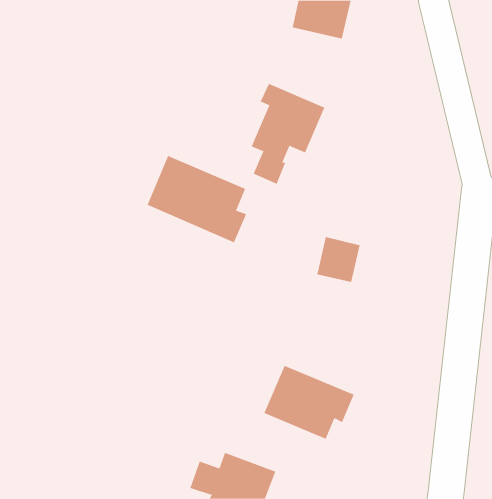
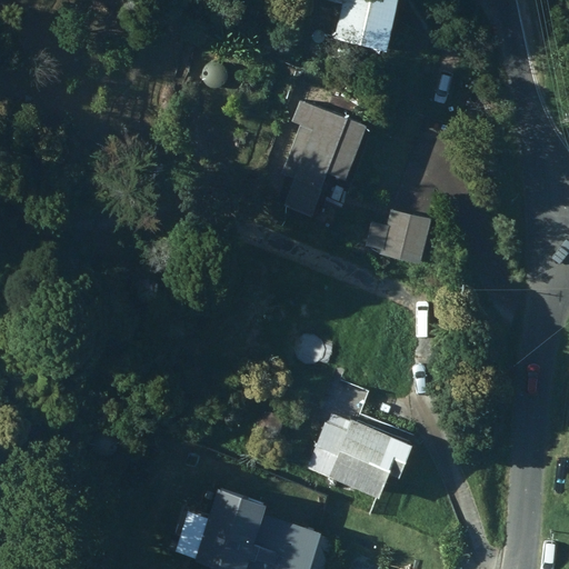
building: [147,155,247,243] -> none
building: [317,236,360,282] -> [385,204,435,257]

